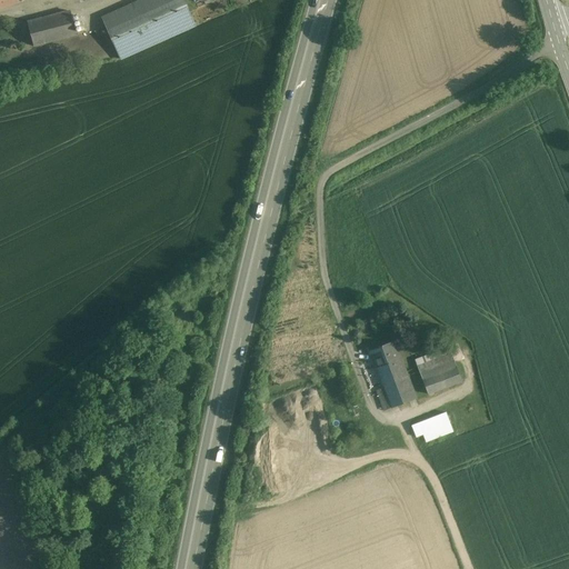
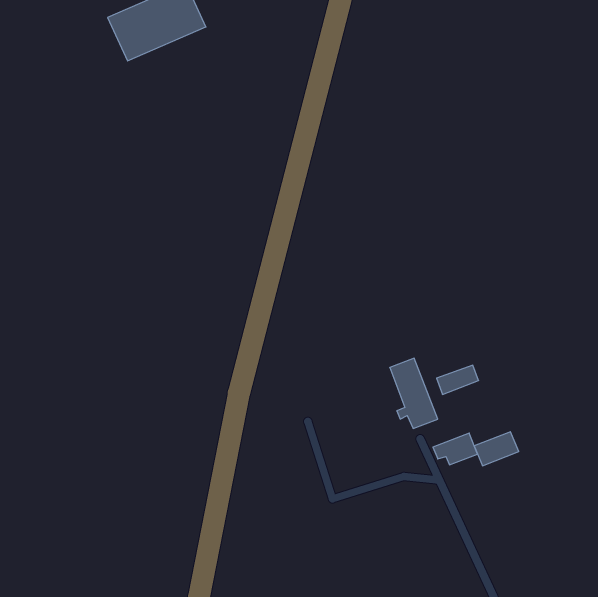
building: [28,10,77,46] -> none
building: [420,361,462,393] -> [474,432,519,466]

